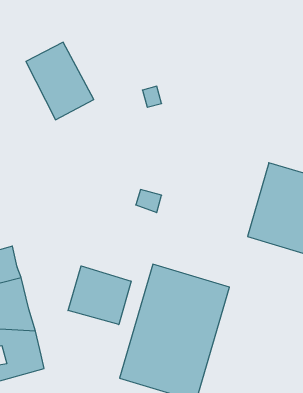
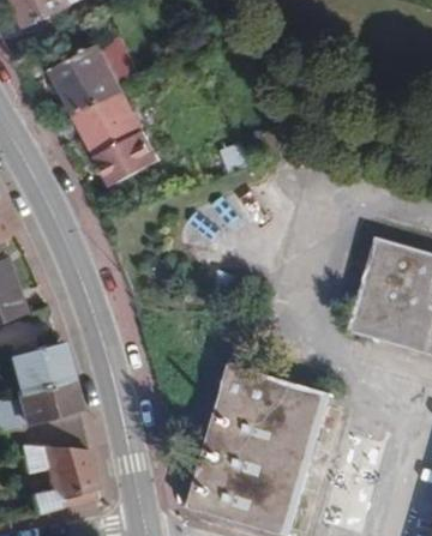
building: none -> [52,41,121,109]
building: [68,266,131,325] -> none

